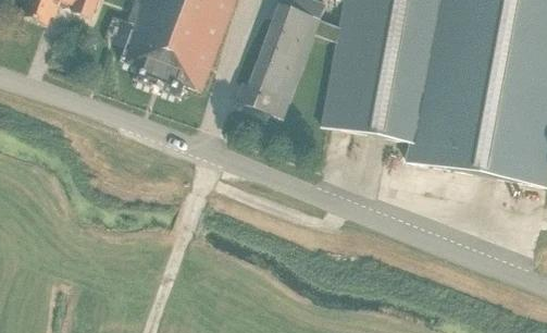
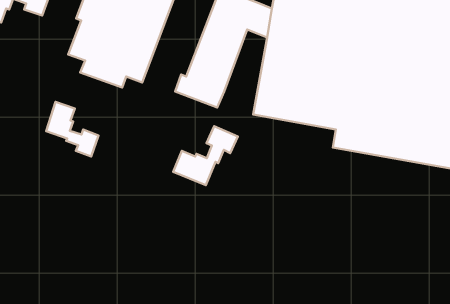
building: none -> [46,102,99,157]
building: none -> [173,126,238,185]

